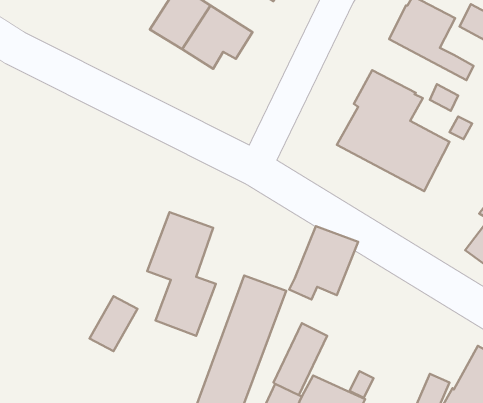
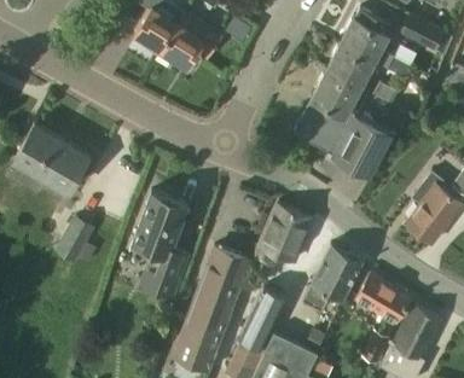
building: none -> [325,43,406,89]
building: none -> [13,124,89,193]
building: none -> [303,245,364,312]
building: [90,296,137,351] -> [56,216,97,263]
building: none -> [355,274,411,324]

